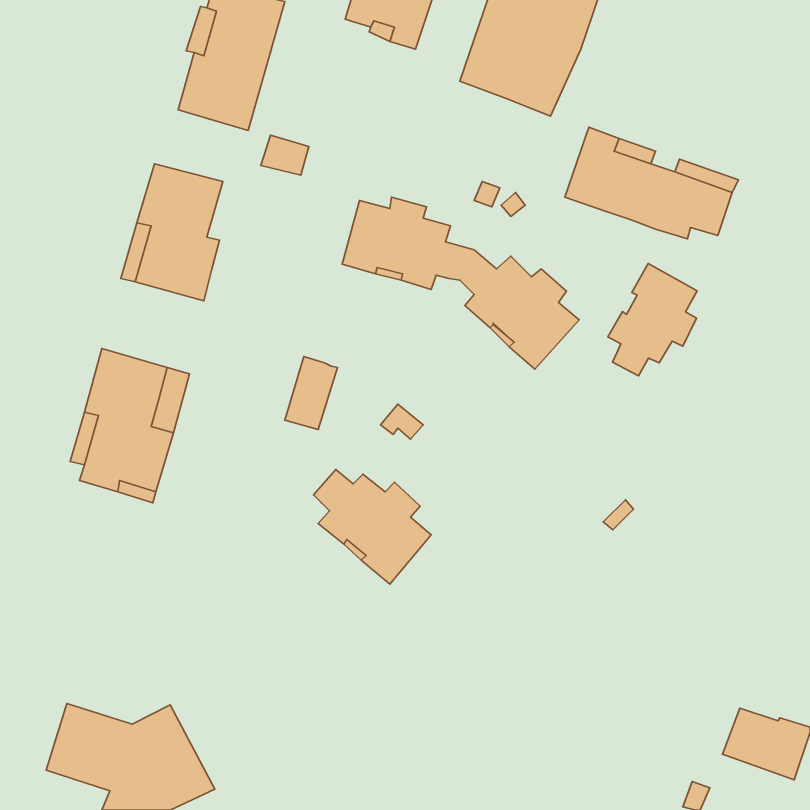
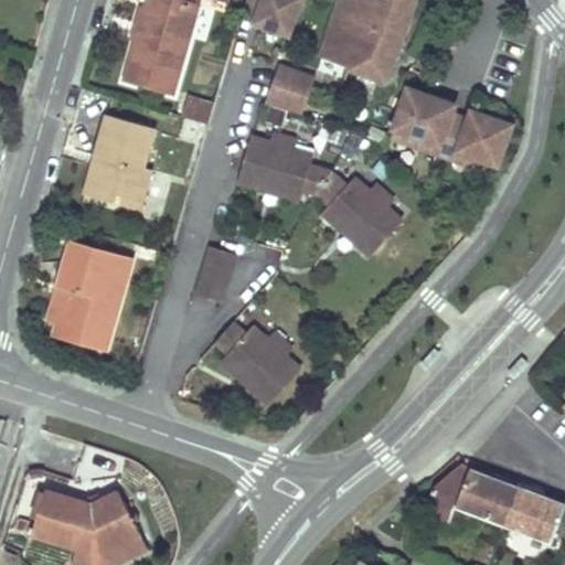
building: none -> [268,65,316,115]
building: [608,264,697,376] -> none
building: none -> [422,469,513,523]

